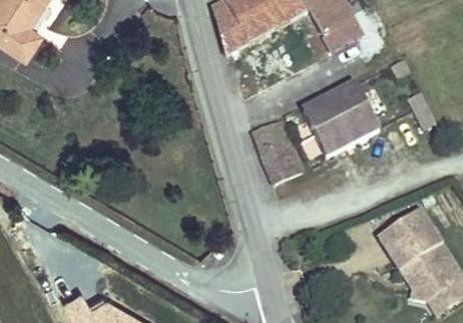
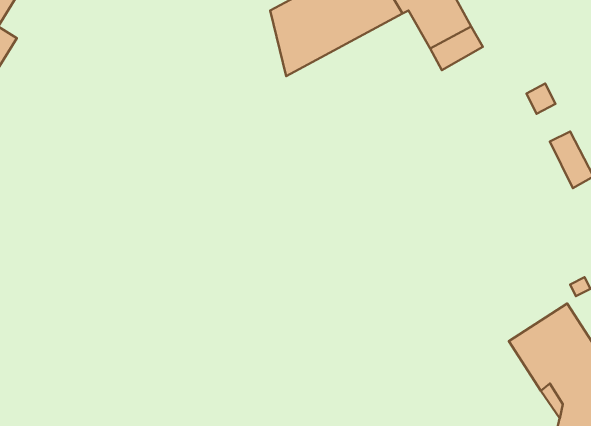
building: [303,83,379,155] -> none
building: [256,120,301,182] -> none

